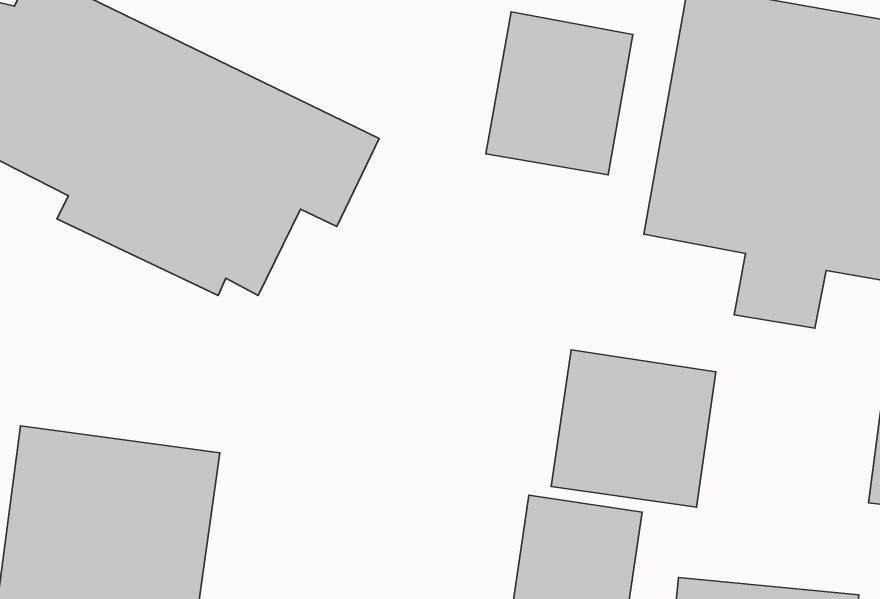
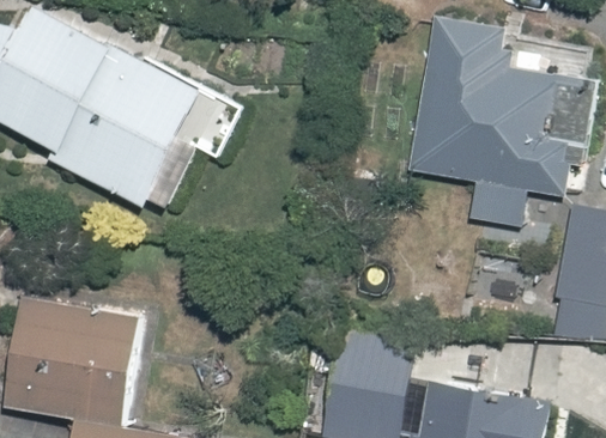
building: [486,12,633,175] -> none
building: [551,350,716,507] -> none

